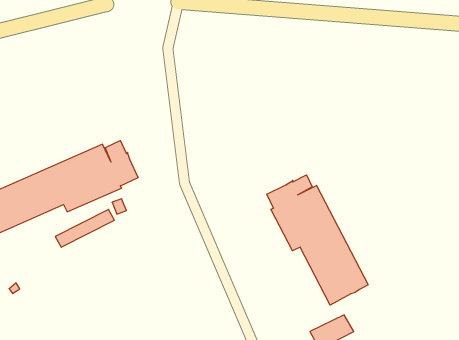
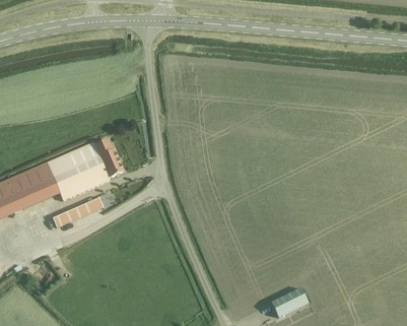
building: [267,175,368,305] -> none

